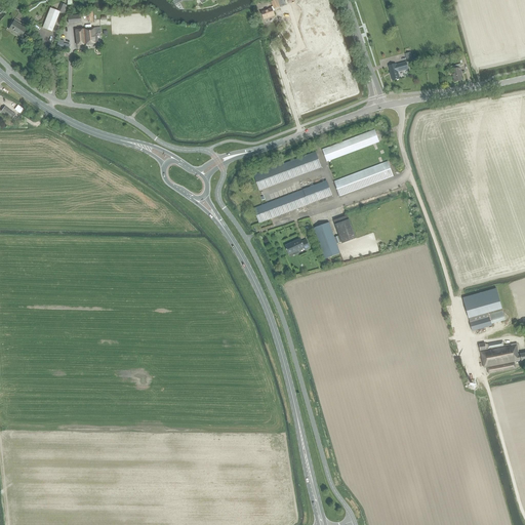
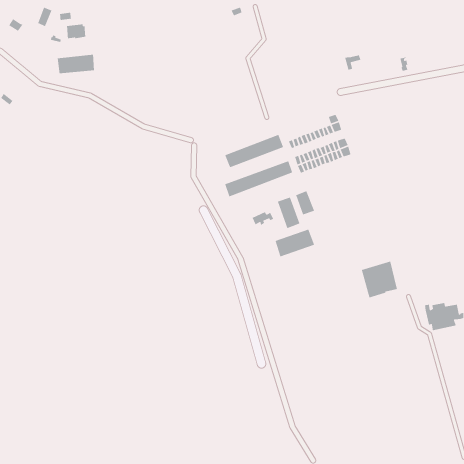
building: none -> [57,54,95,74]
building: none -> [275,229,315,258]
building: [462,287,504,330] -> [361,260,398,299]

